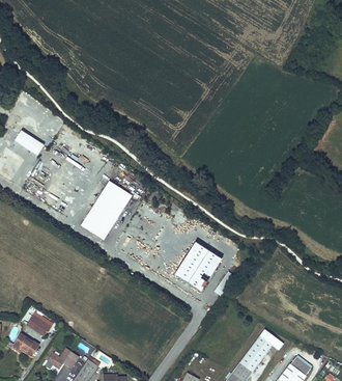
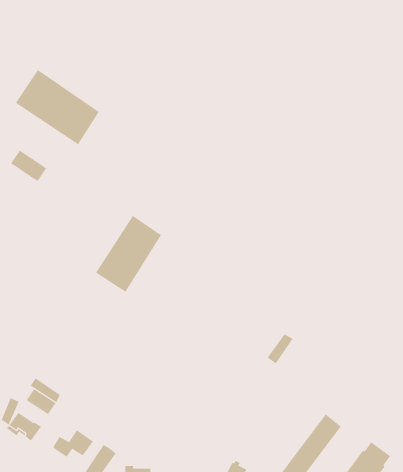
building: none -> [15,69,100,145]
building: [174,241,222,290] -> none

